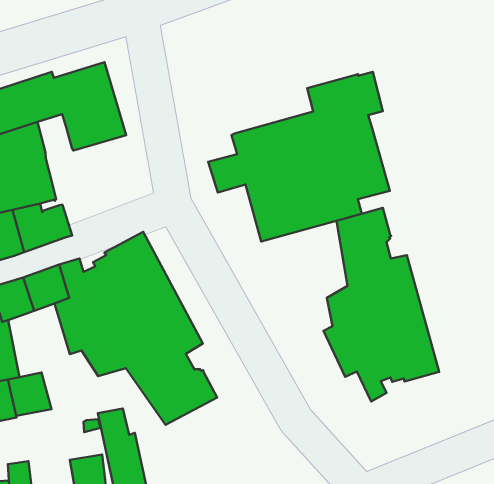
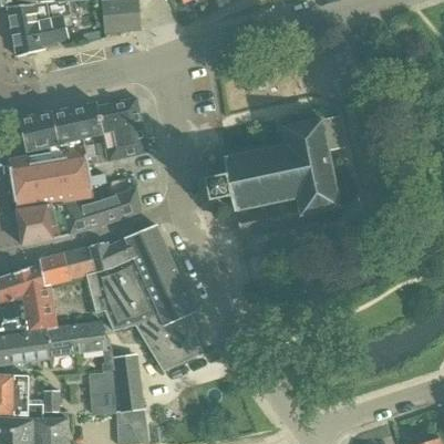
building: none -> [96,187,141,224]
building: [323,208,439,401] -> none
building: none -> [72,320,104,352]

